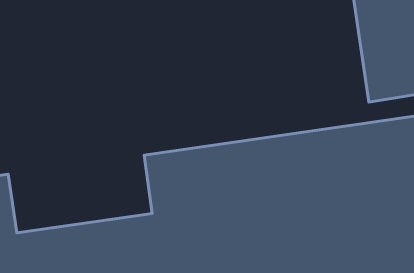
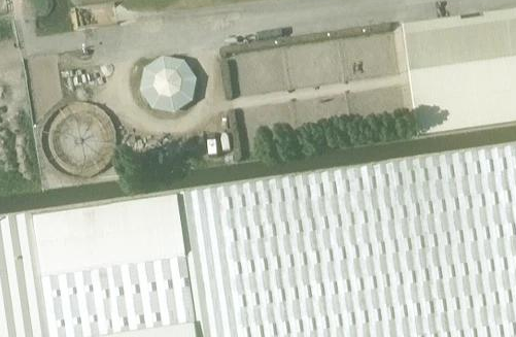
building: none -> [141,57,197,113]
building: none -> [31,196,185,279]

